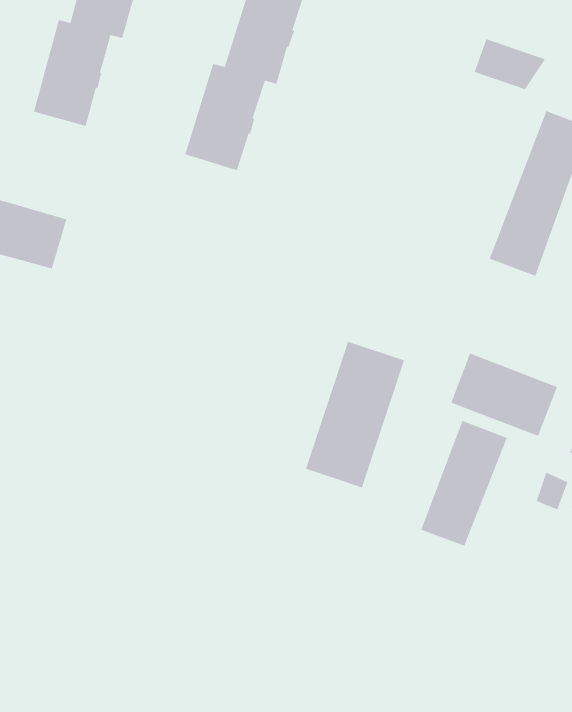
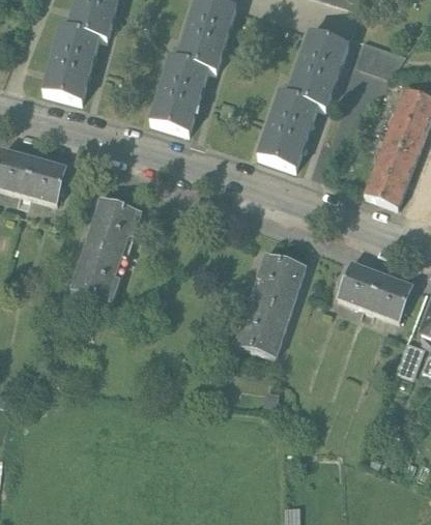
building: none -> [257,31,346,168]
building: none -> [70,197,140,301]
building: [420,420,507,547] -> none

